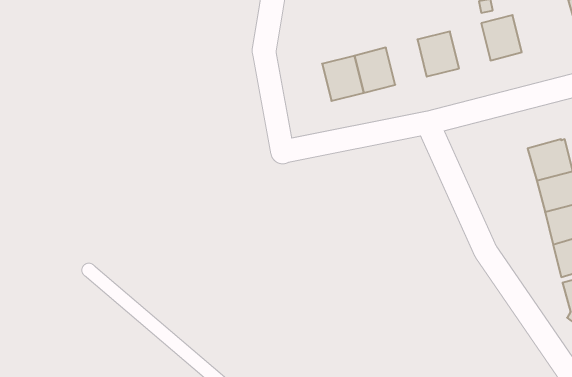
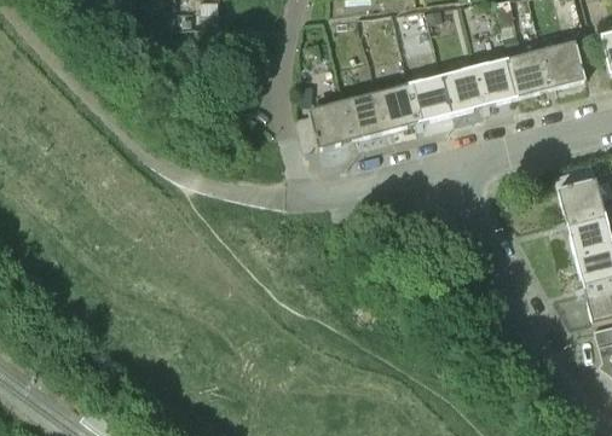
building: none -> [542,40,587,88]
building: none -> [477,58,519,105]
building: none -> [410,75,452,122]
building: none -> [311,100,353,147]

